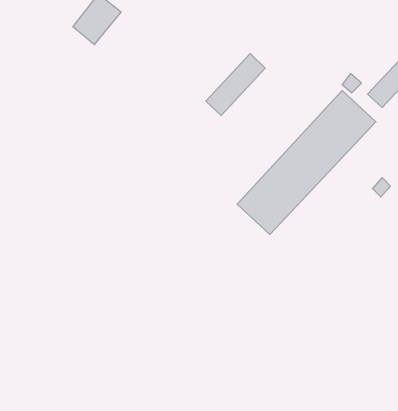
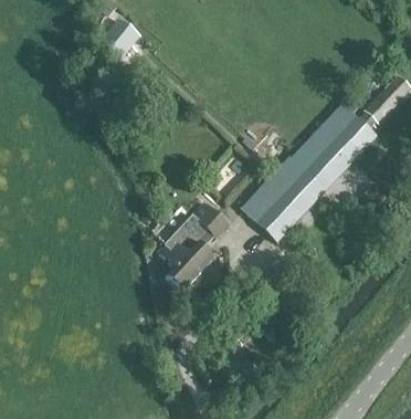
building: [206,54,265,116] -> none
building: none -> [159,200,229,289]

